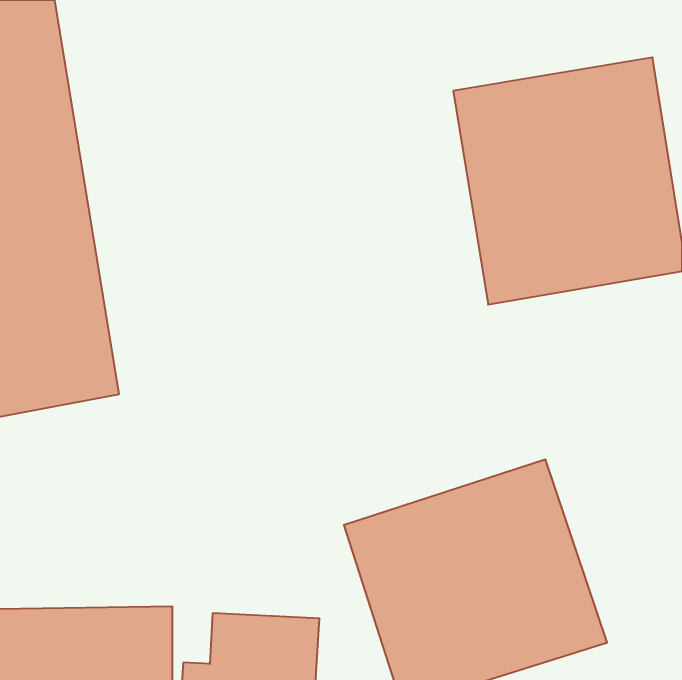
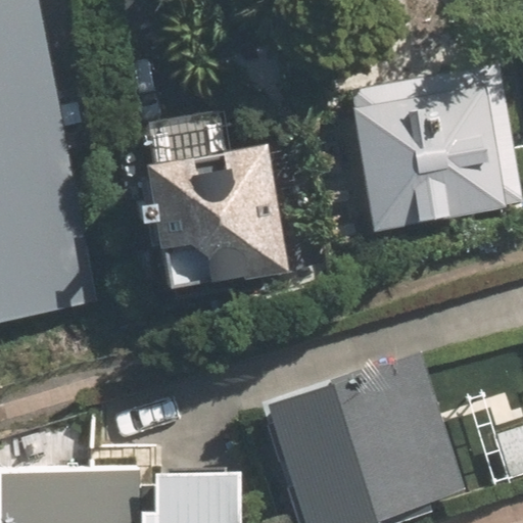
building: none -> [133,144,295,285]

